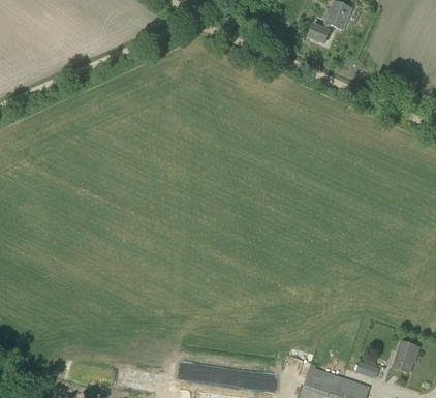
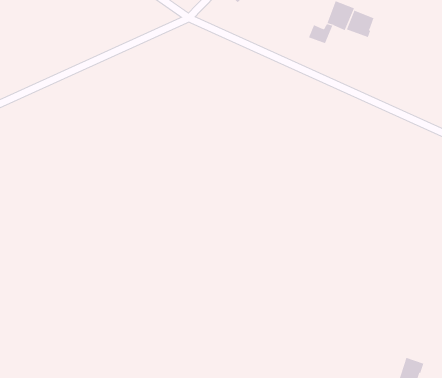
building: none -> [346,10,374,38]

